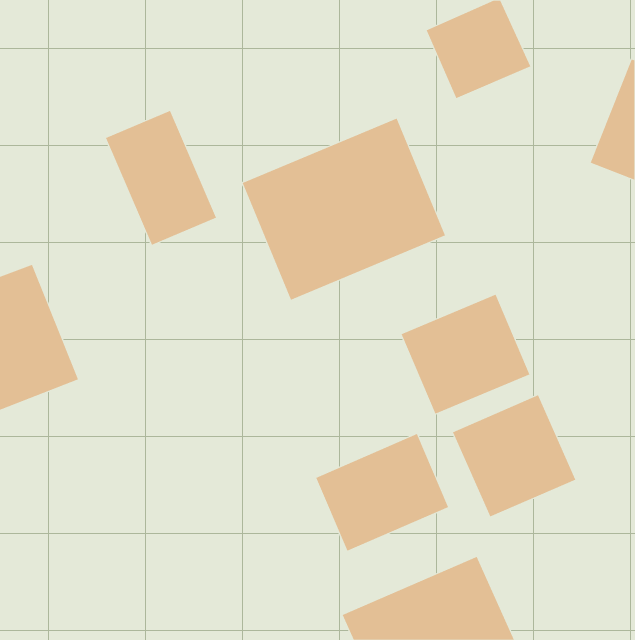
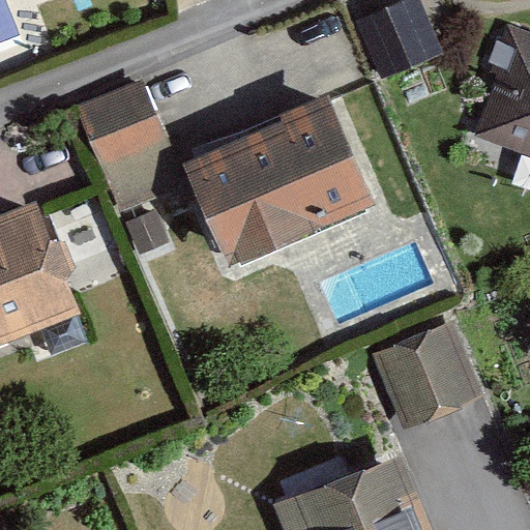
building: [401,294,530,415] -> none
building: [316,433,449,552] -> none

